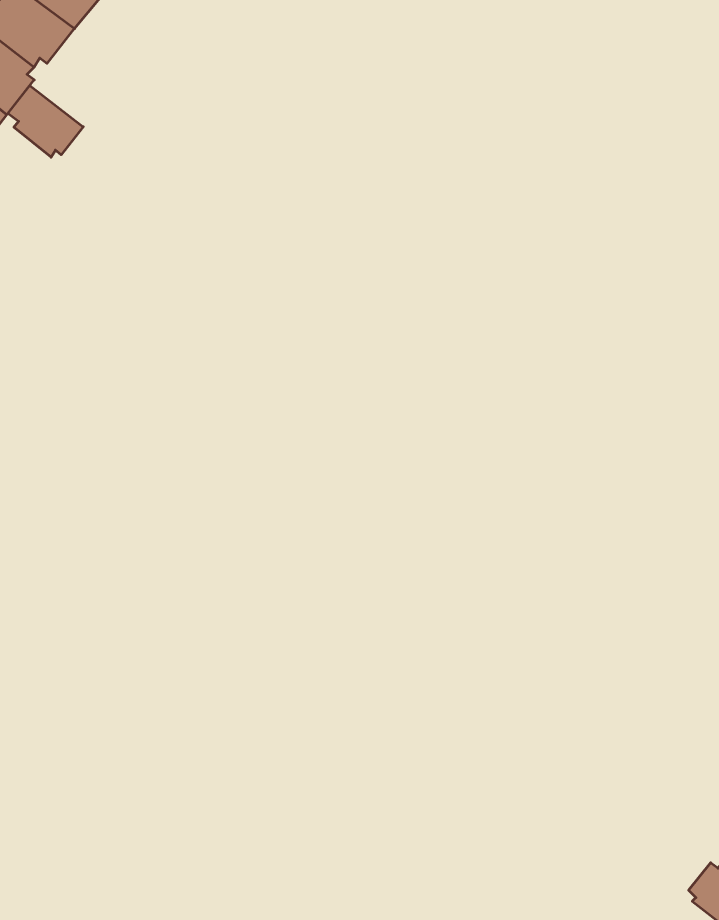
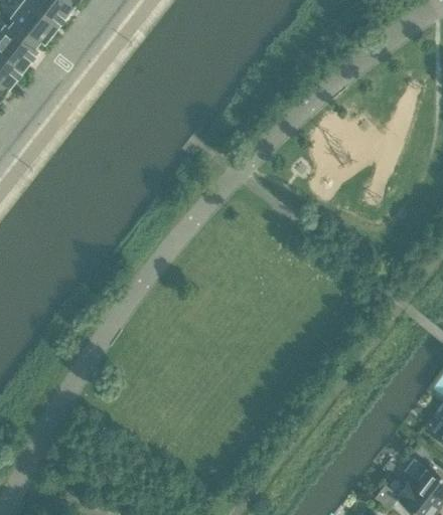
building: [8,85,83,157] -> none

